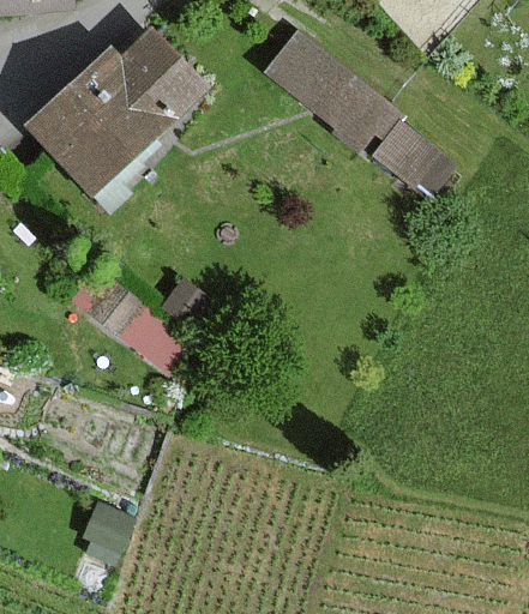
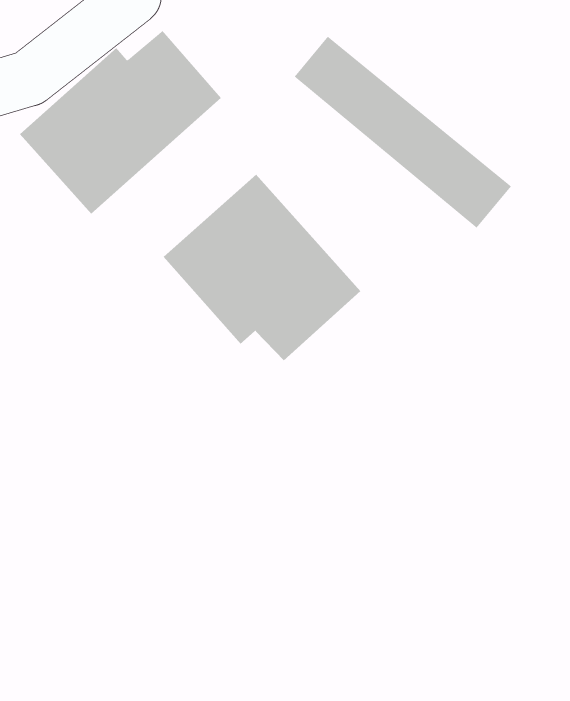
building: none -> [163,174,361,361]

